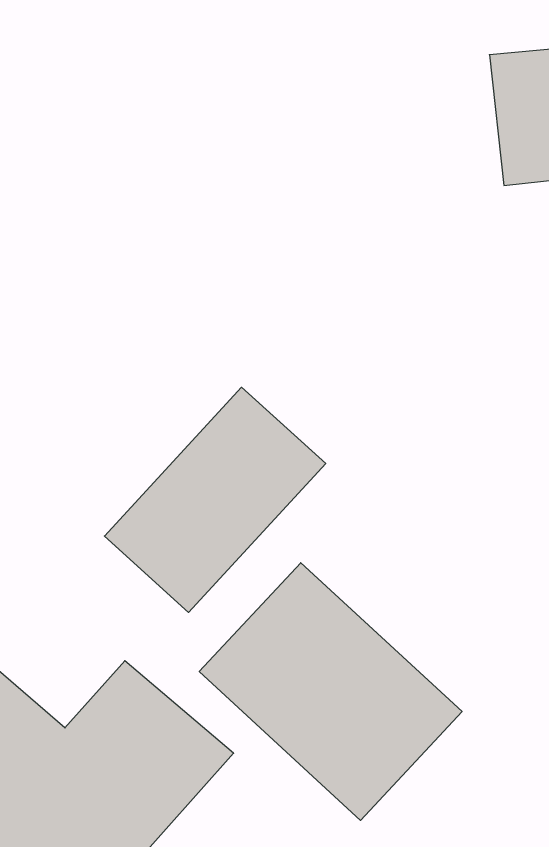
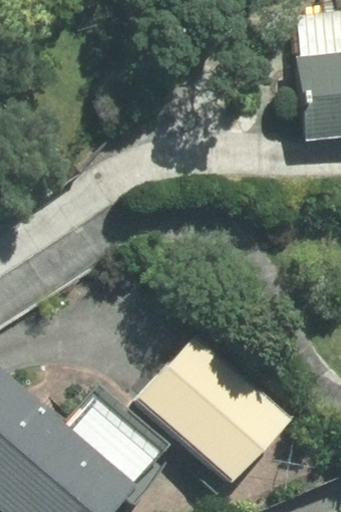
building: [104,387,326,612] -> none

